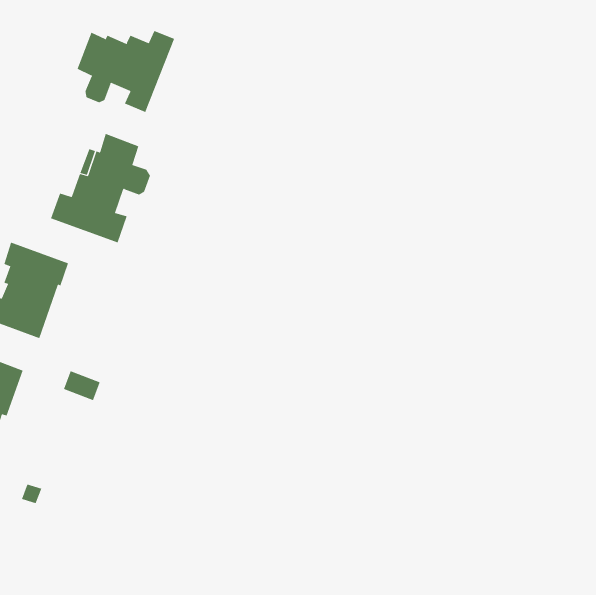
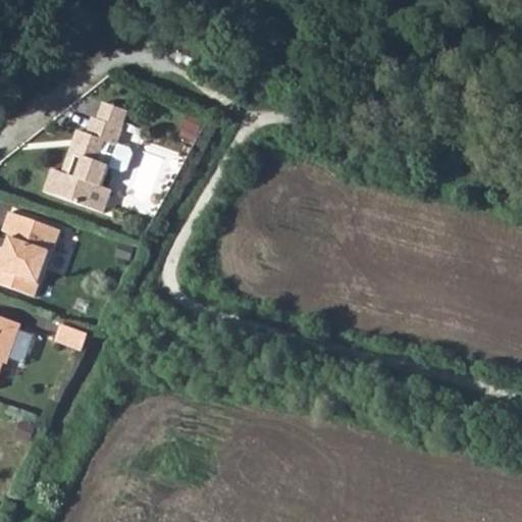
building: [77,30,175,113] -> none

